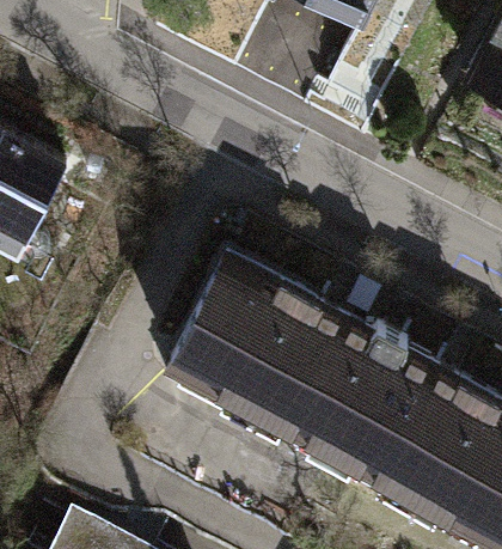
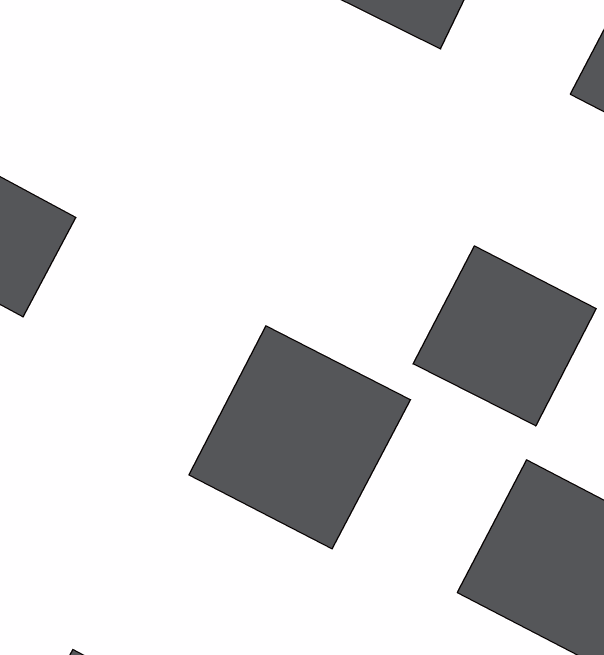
building: none -> [413,246,596,426]
building: [283,319,437,486] -> none

